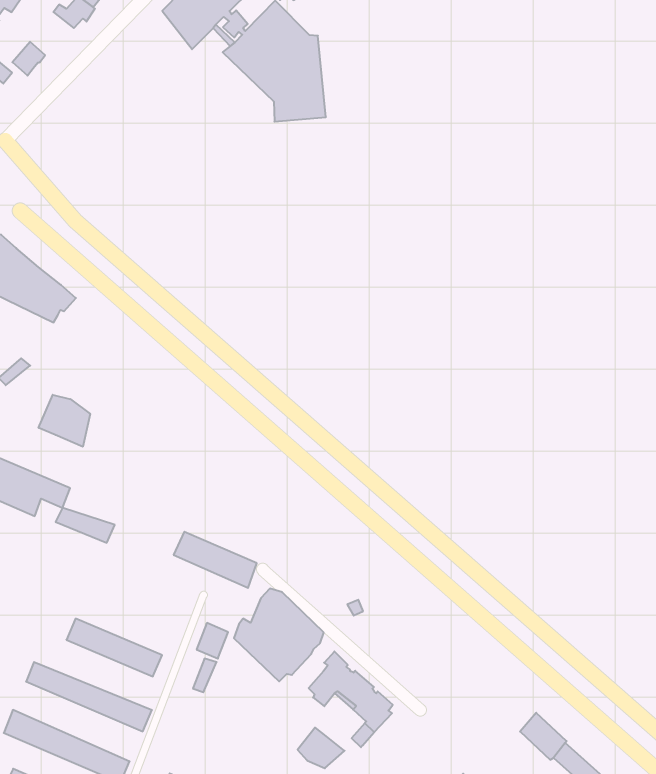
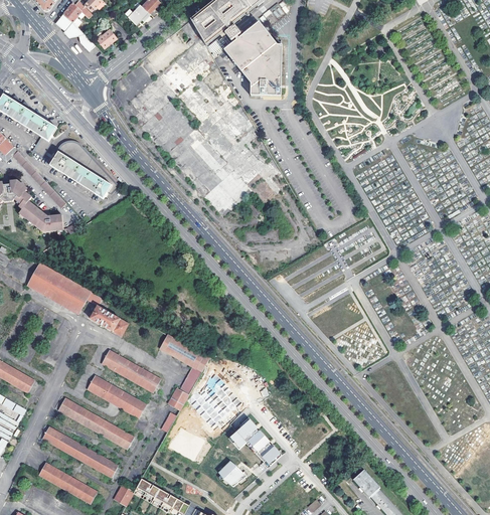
building: [39,395,90,447] -> none
building: none -> [102,351,158,392]

